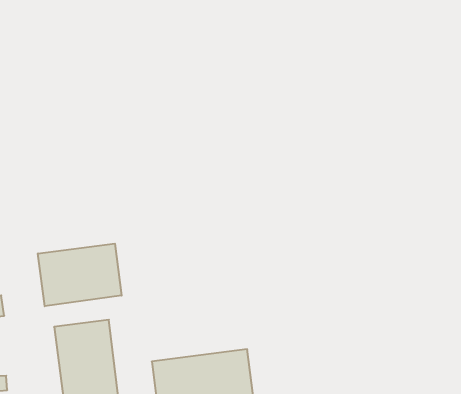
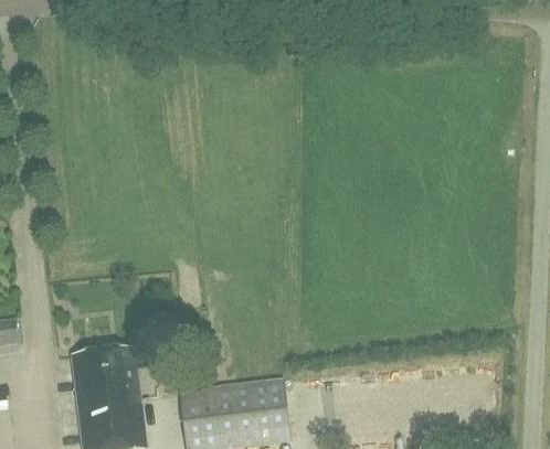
building: [38,244,122,306] -> none

